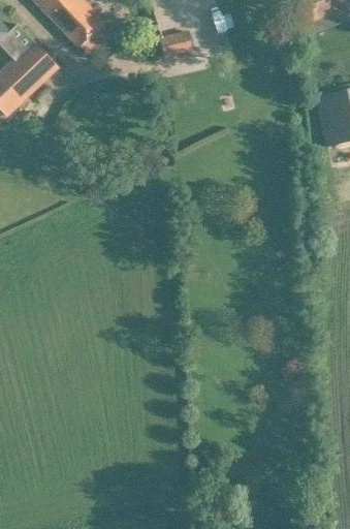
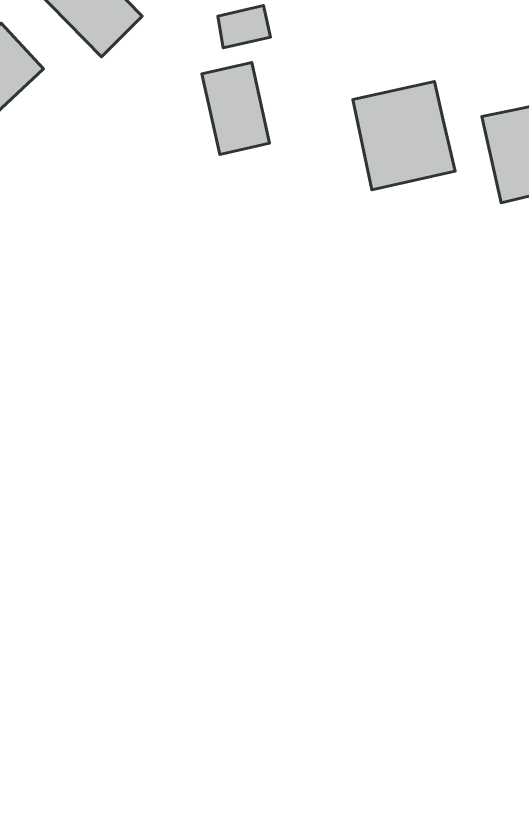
building: none -> [202,63,270,154]
building: none -> [353,82,455,190]

